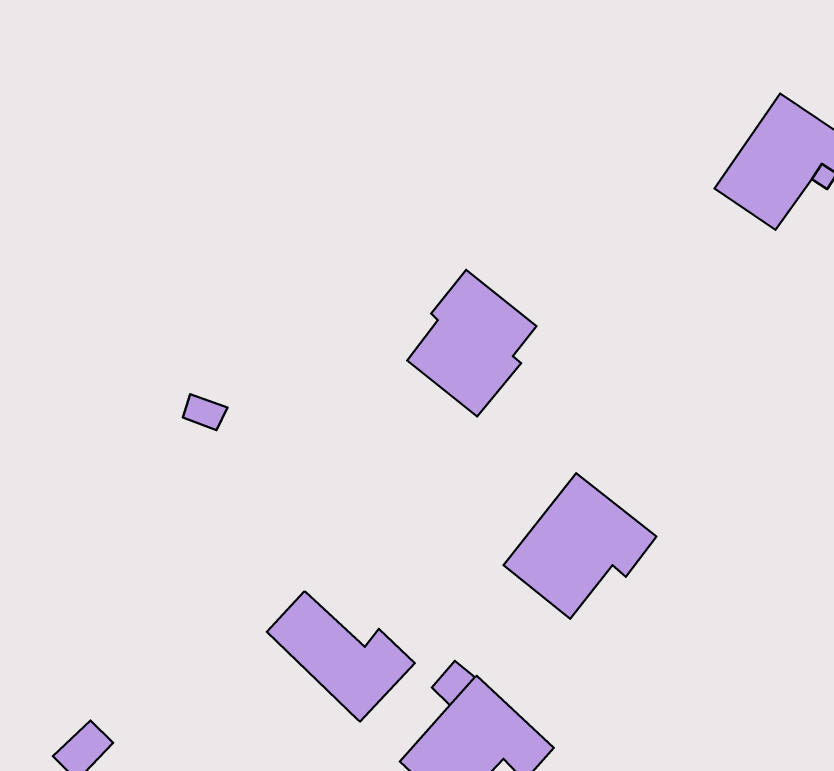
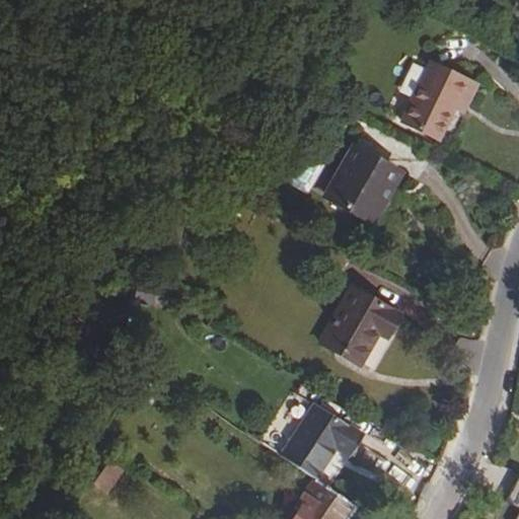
building: [407,270,536,416] -> [331,145,398,223]
building: [267,592,415,721] -> none

